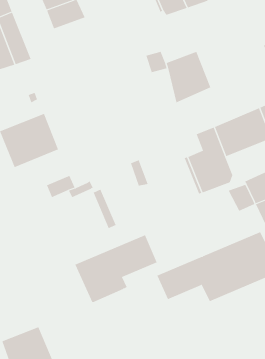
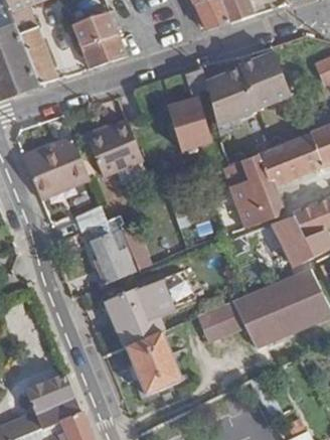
building: none -> [82,32,127,67]
building: none -> [238,53,291,111]
building: none -> [168,99,208,150]
building: none -> [86,119,143,176]
building: none -> [92,235,136,288]
building: none -> [126,332,181,394]

